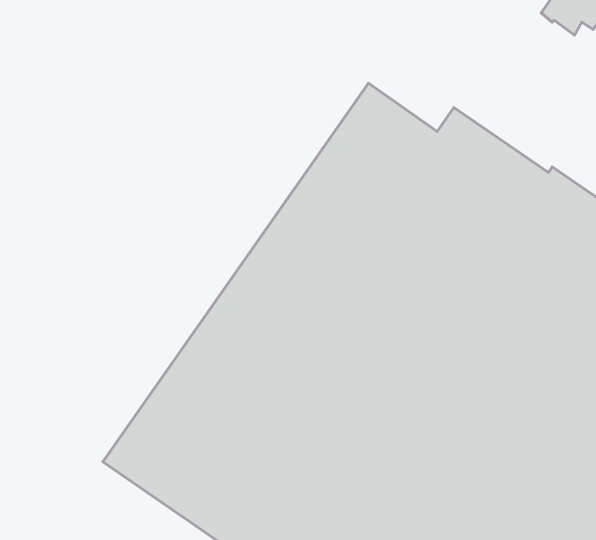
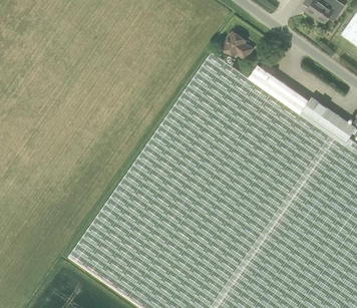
building: none -> [222,32,253,59]

